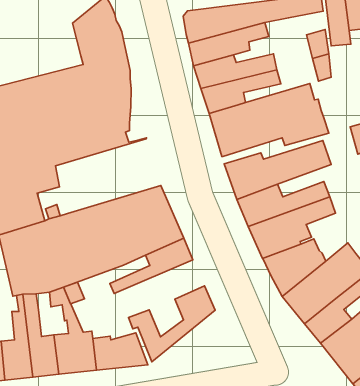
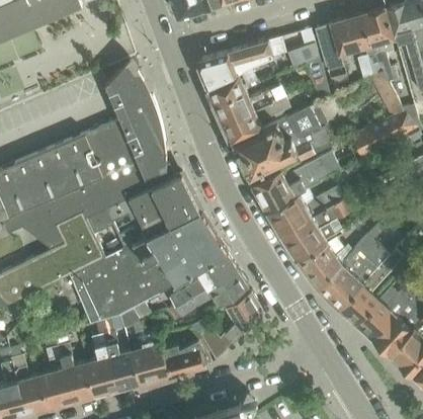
building: none -> [286,44,319,71]
building: none -> [109,174,200,247]
building: none -> [175,270,248,319]

